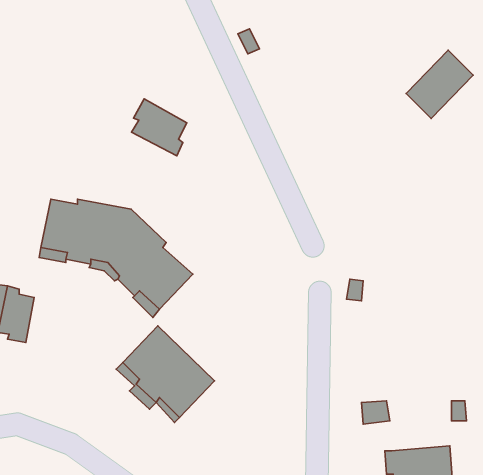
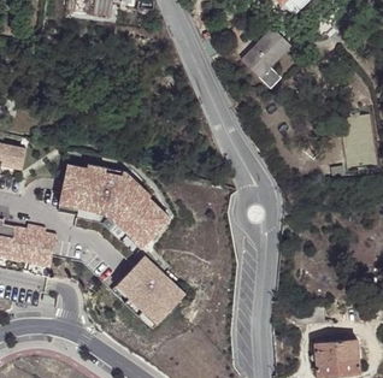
building: [406,50,473,118] -> [241,28,289,77]
building: [132,99,187,156] -> none

